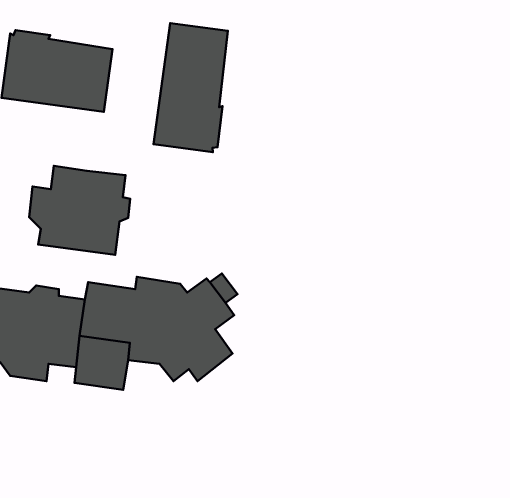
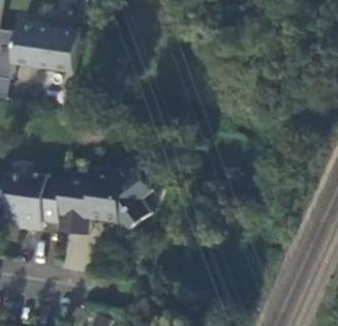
building: [154,23,228,152] -> none
building: [29,166,130,255] -> none

